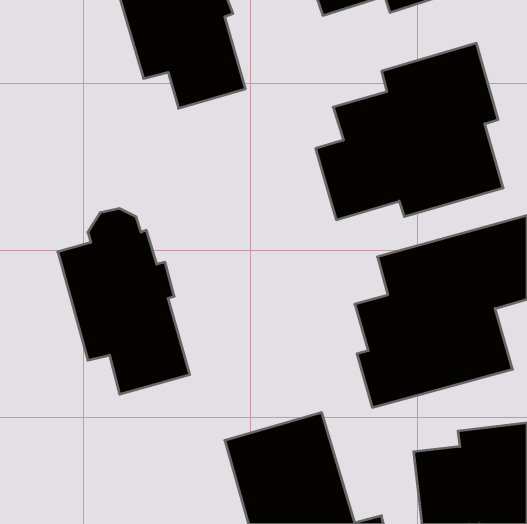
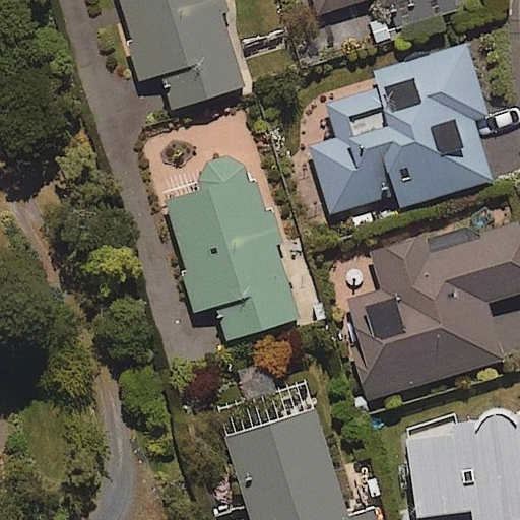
building: [58,209,190,394] -> [168,157,298,340]

